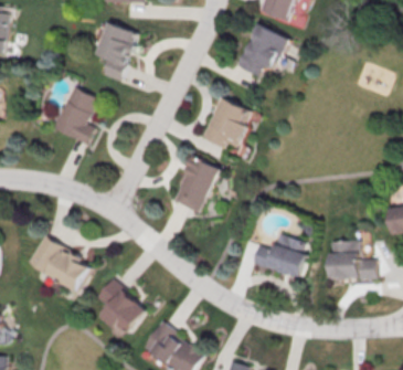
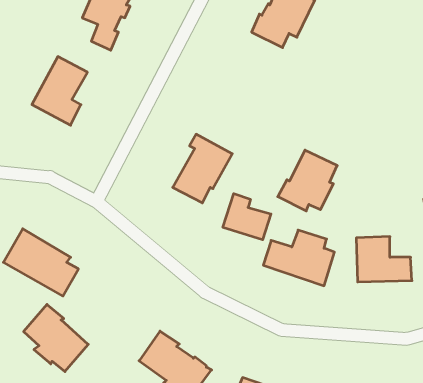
building: [200,97,251,149] -> [278,150,337,211]
building: none -> [223,194,271,240]
building: [92,277,147,335] -> [24,304,88,372]

